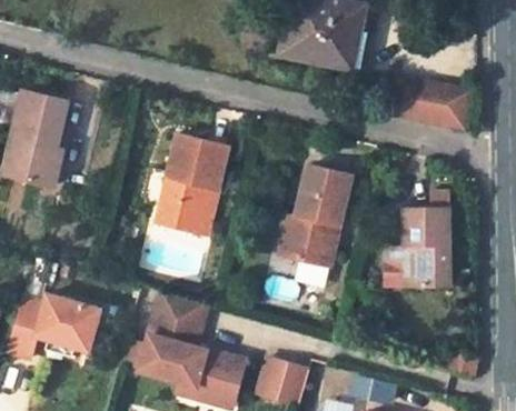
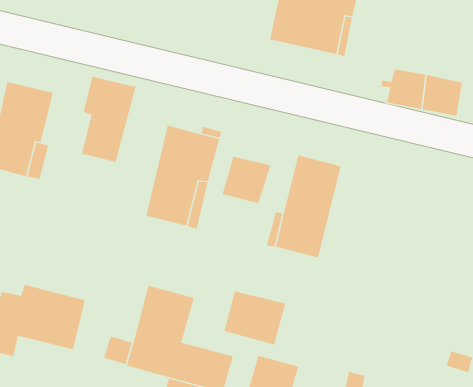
building: none -> [81,75,137,163]
building: none -> [222,156,271,204]
building: [385,194,449,289] -> none
building: none -> [224,290,286,346]

